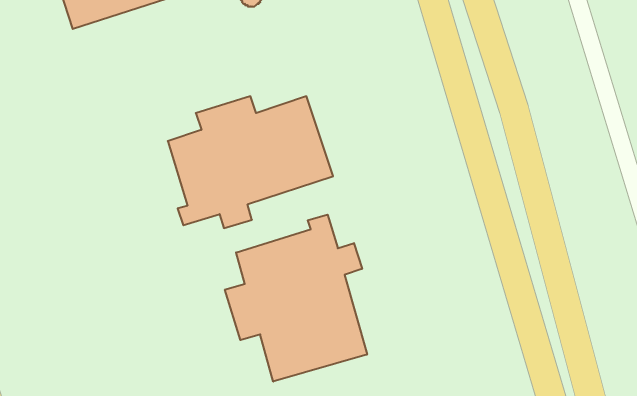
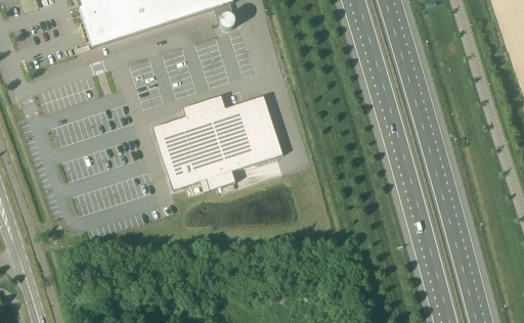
building: [225,215,367,382] -> none

